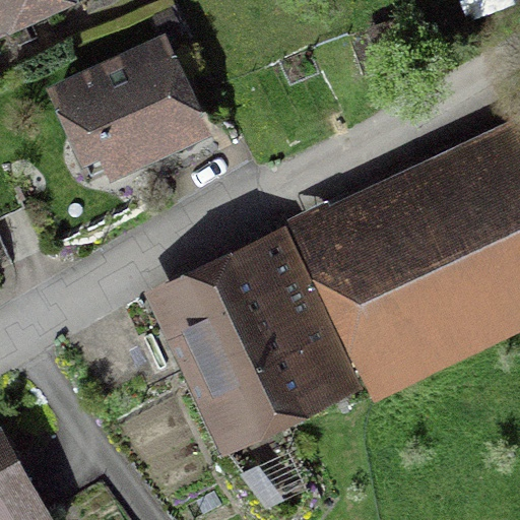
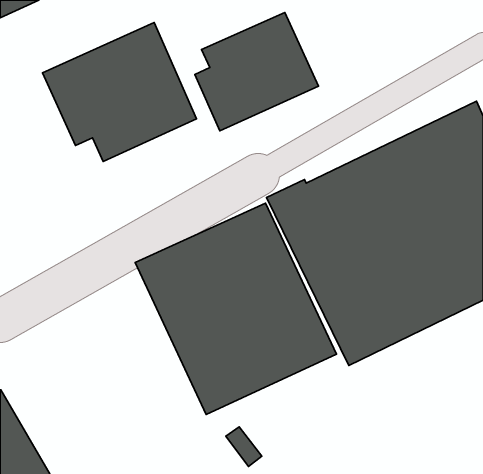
building: none -> [195,13,319,131]

